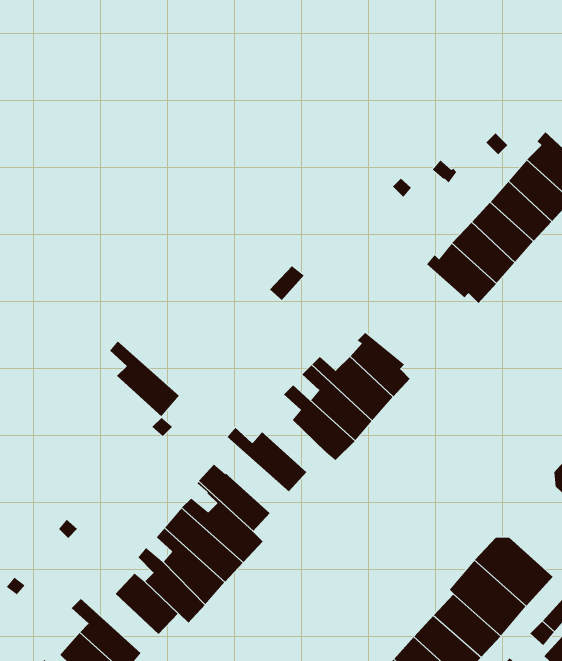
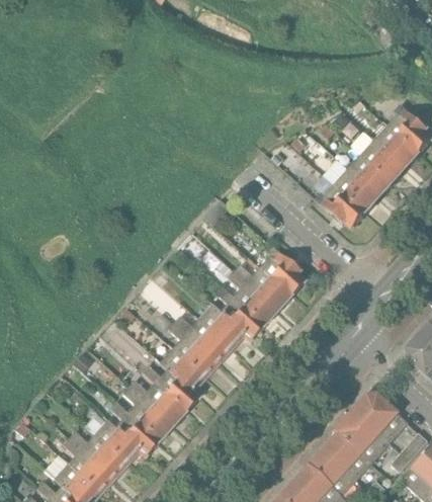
building: [109,341,180,417] -> [167,322,218,377]
building: none -> [198,303,244,347]
building: none -> [69,430,124,477]

